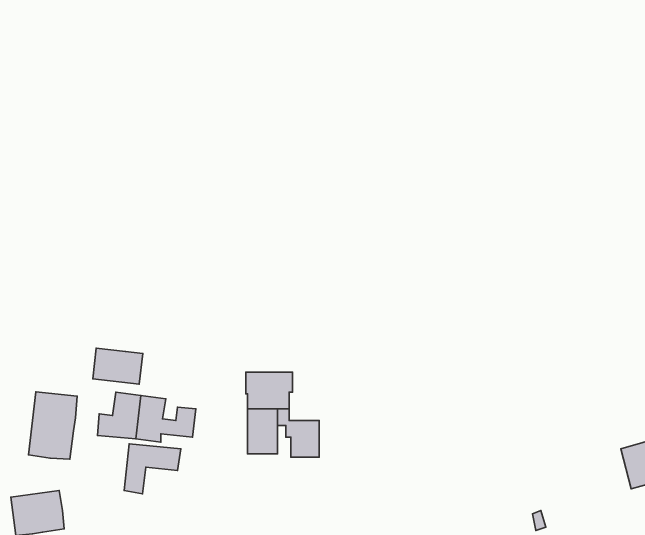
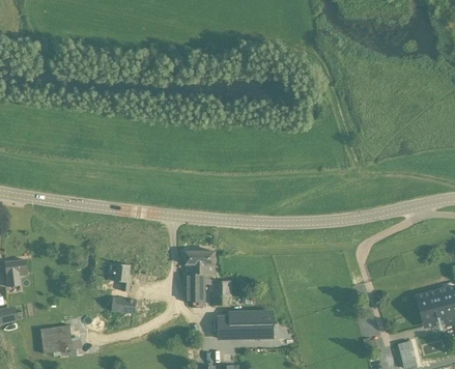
building: [93,348,143,384] -> none
building: [29,392,77,459] -> none
building: none -> [219,310,274,338]

